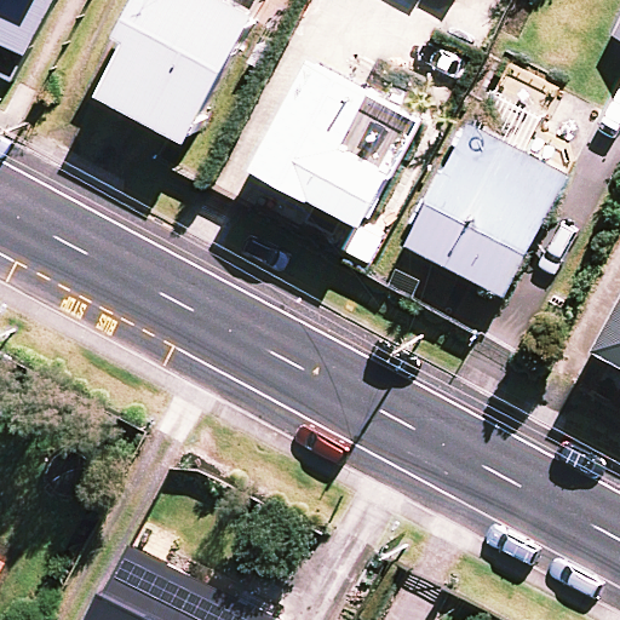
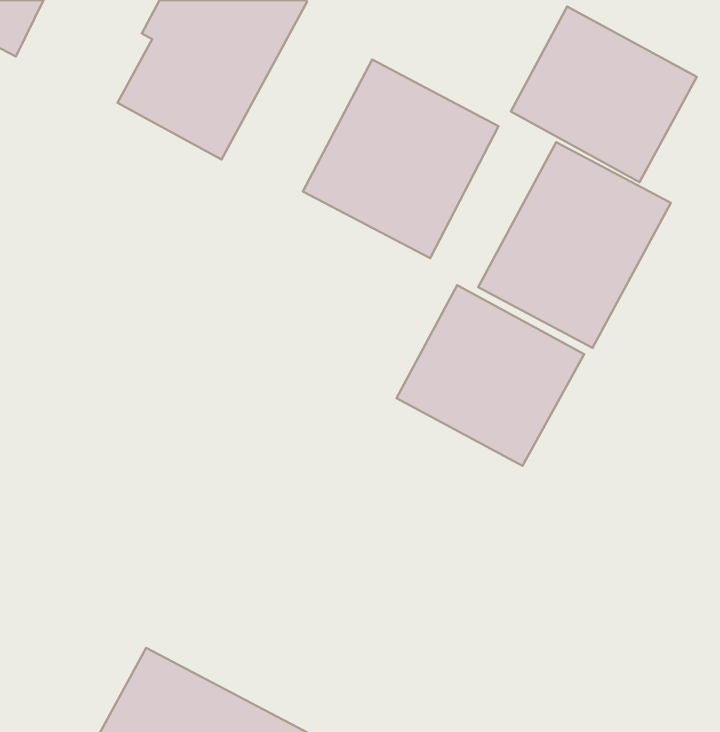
building: none -> [511,7,697,182]
building: none -> [396,285,584,466]

